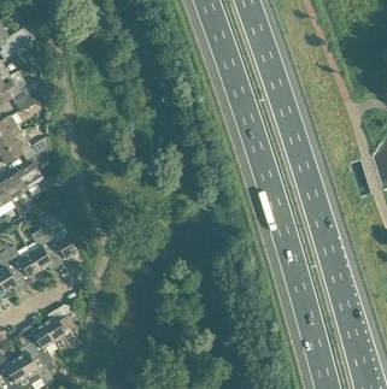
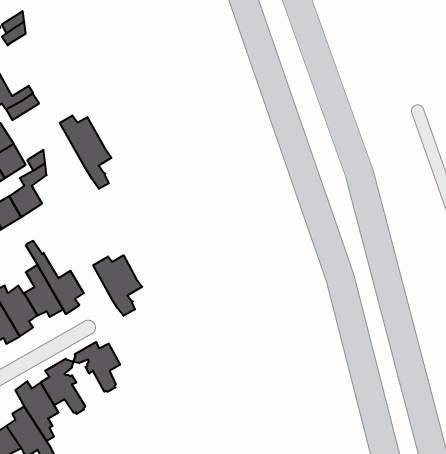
building: none -> [60,115,111,189]
building: none -> [93,255,142,316]
building: none -> [73,342,120,392]

